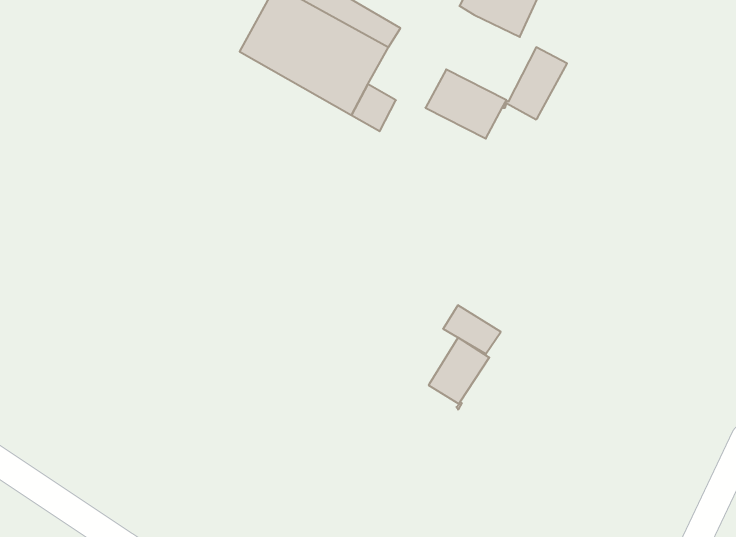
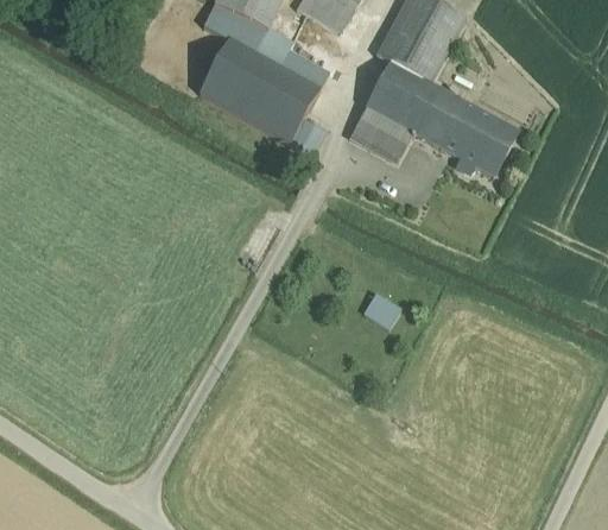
building: none -> [367,62,439,132]
building: none -> [439,101,519,176]
building: [429,338,489,410] -> none

